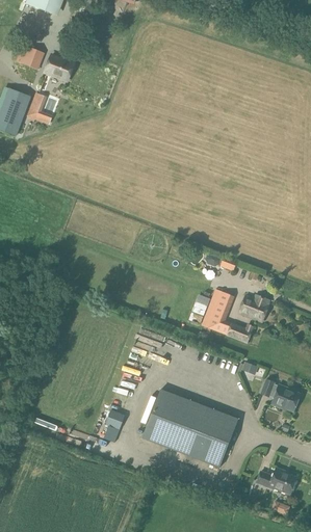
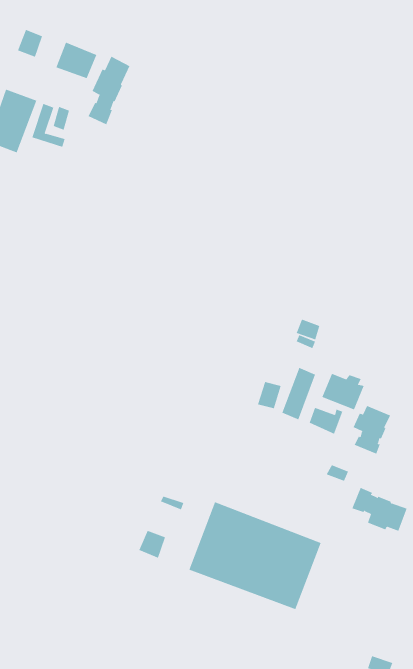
building: none -> [88,56,130,125]
building: none -> [353,405,391,454]
building: [254,467,295,493] -> none

